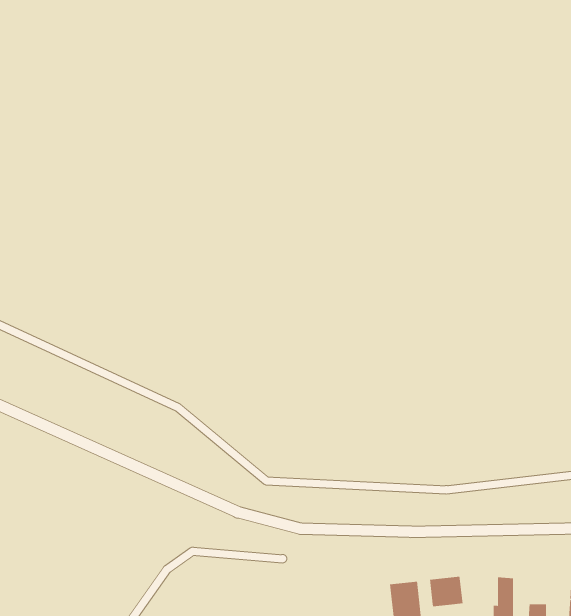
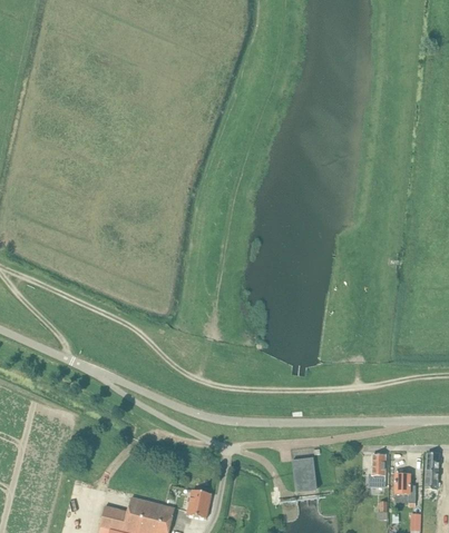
building: [429,576,463,607] -> none

